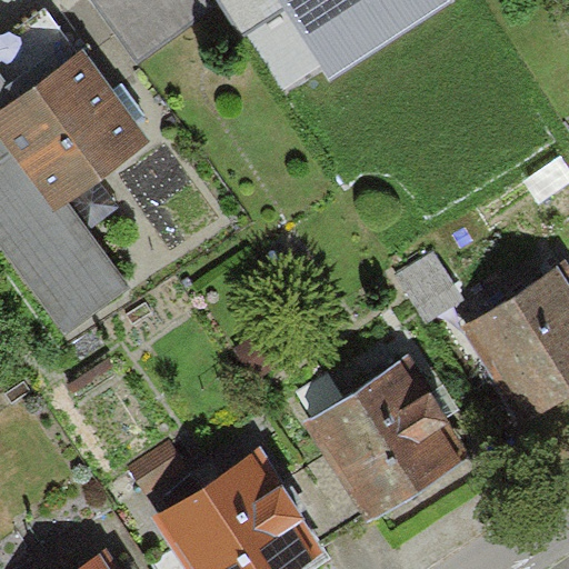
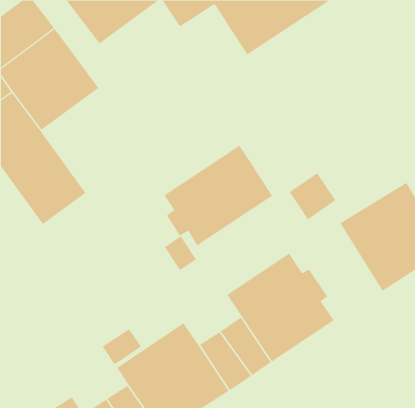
building: none -> [164,145,273,246]

